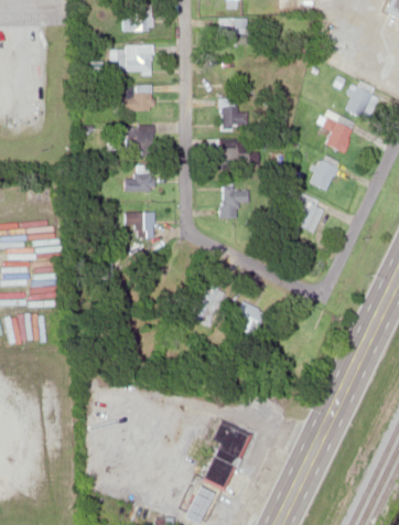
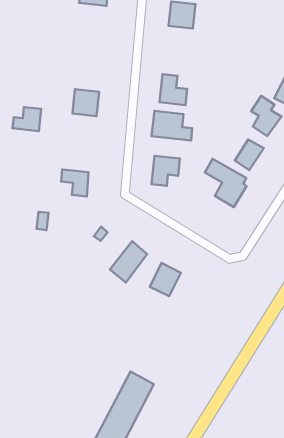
building: [117,45,153,73] -> none
building: [126,85,152,110] -> none
building: [125,167,153,191] -> [12,107,41,131]

